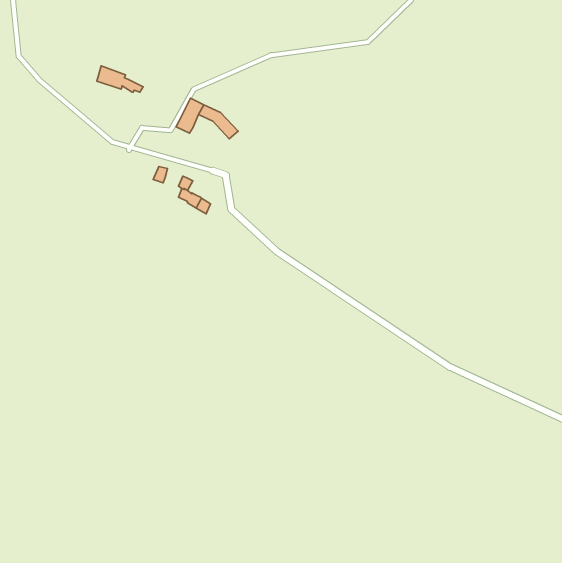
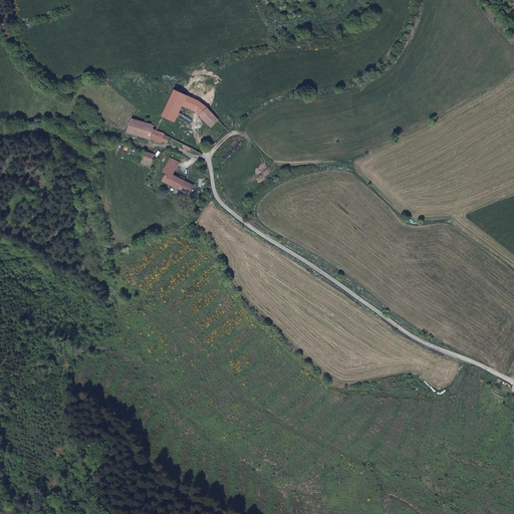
building: [97,66,143,92] -> [126,117,169,142]

